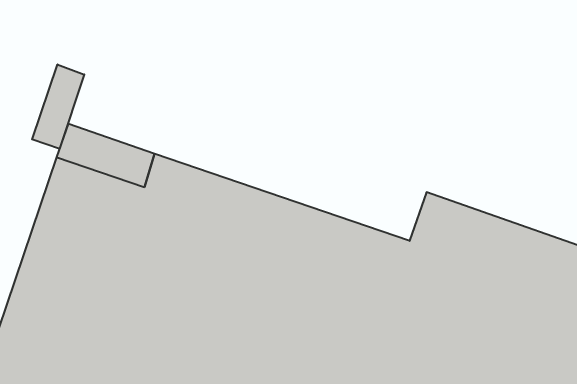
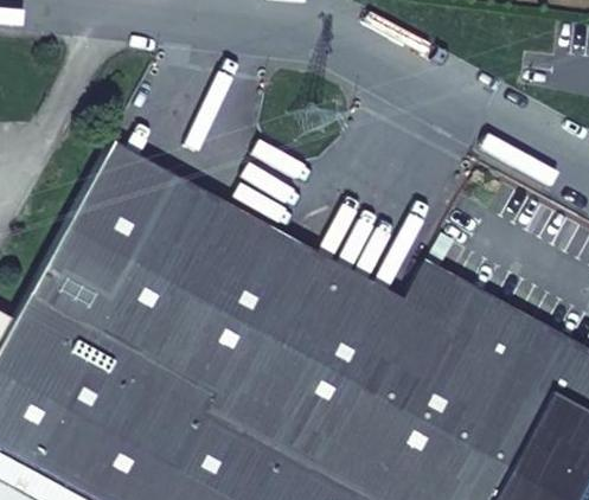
building: [32,64,84,149] -> none

